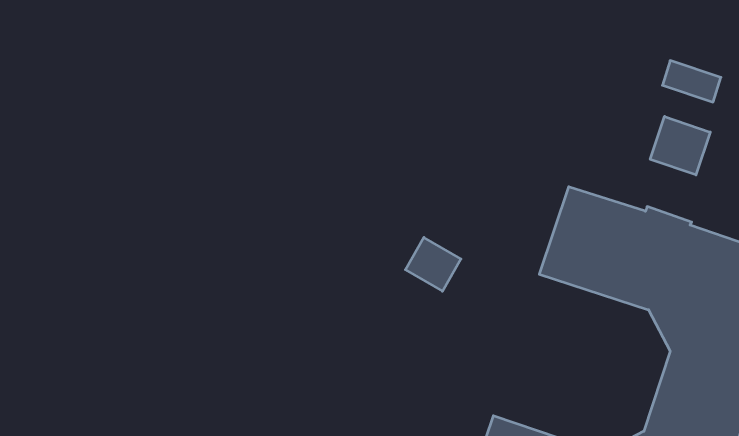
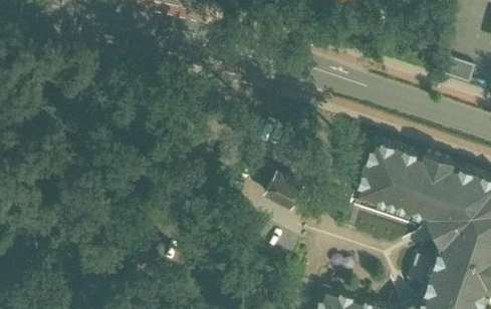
building: [650,116,710,175] -> none

